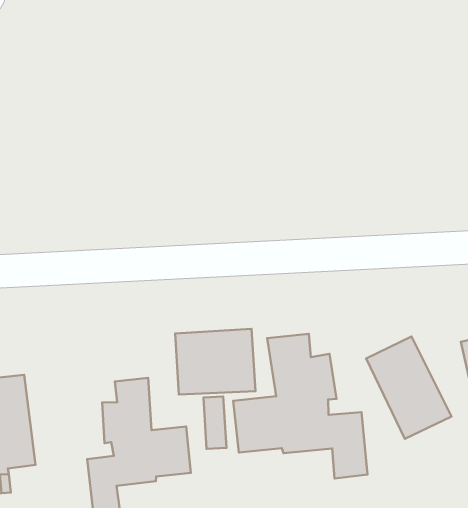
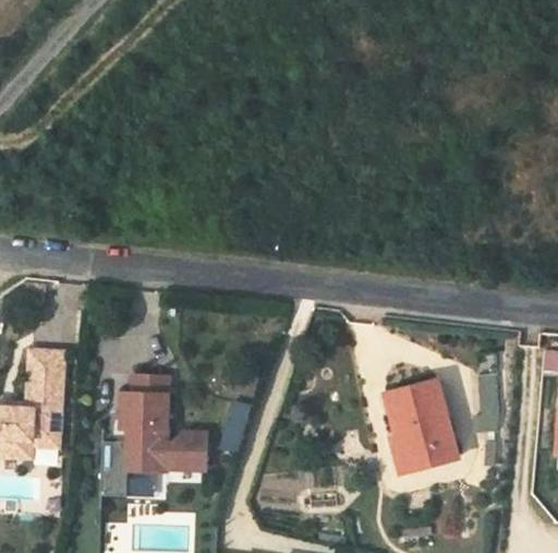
building: [175,329,255,395] -> none
building: [233,334,368,479] -> none

